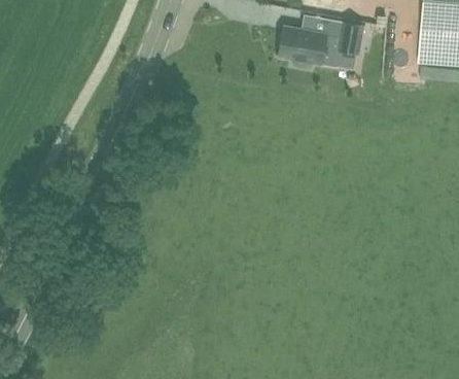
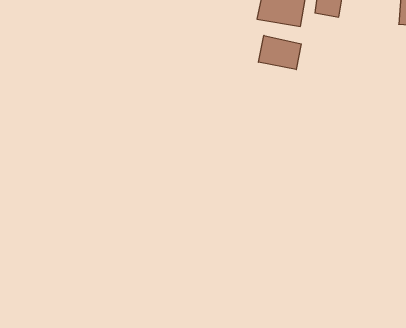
building: none -> [258,35,301,70]

